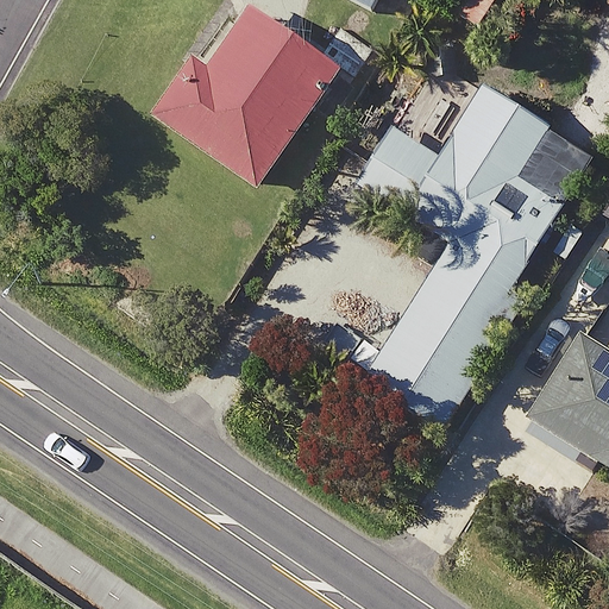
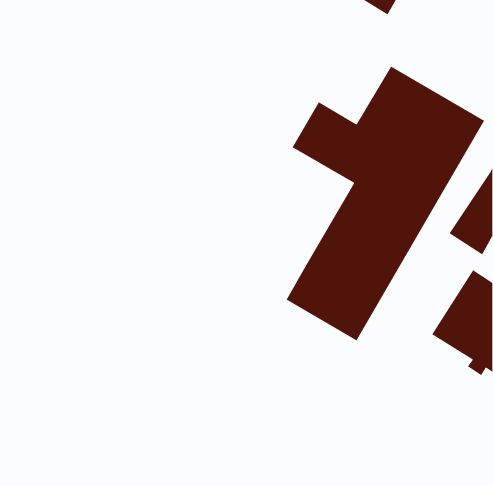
building: [153,6,372,183] -> none

